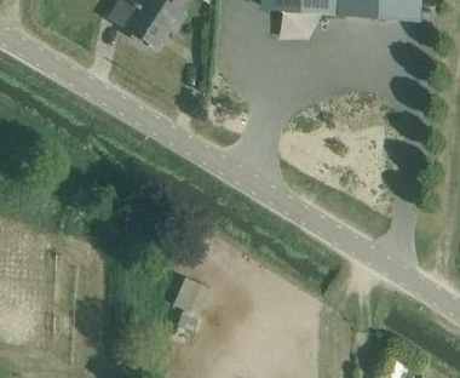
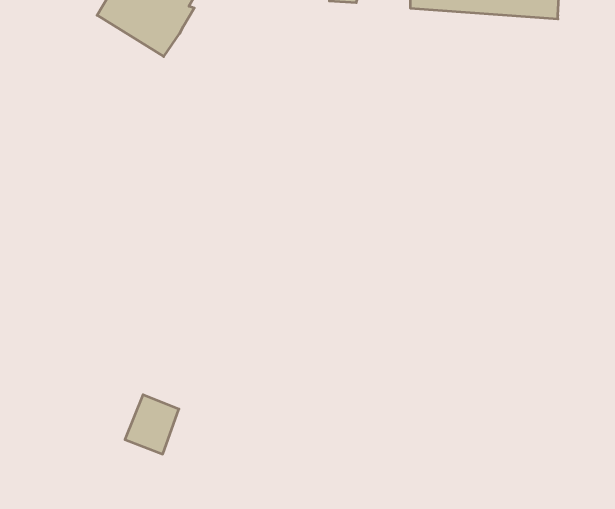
building: [173,276,209,316] -> [125,395,179,454]

